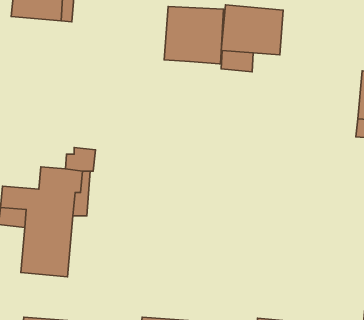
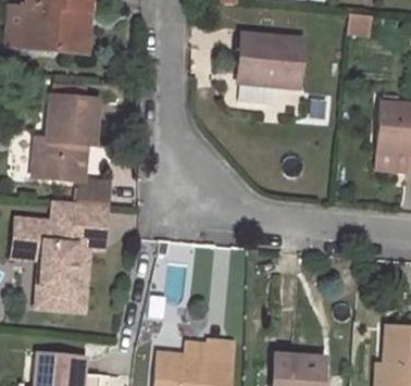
building: [164,6,224,64] -> none
building: none -> [34,96,99,179]

